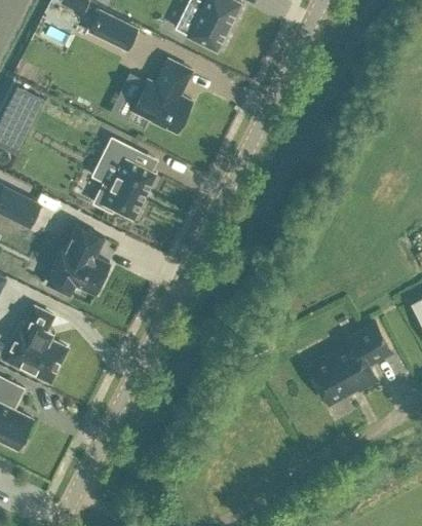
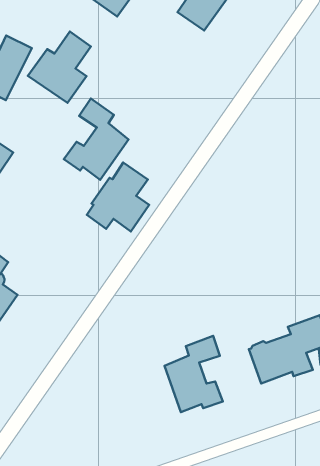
building: [131,59,191,132] -> [28,31,91,103]
building: [47,225,109,295] -> [87,163,149,231]
building: none -> [164,336,223,412]

